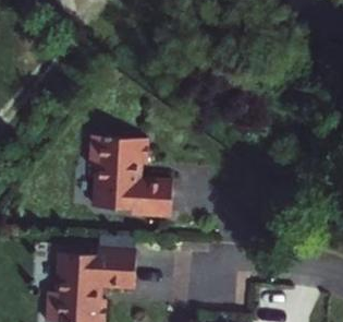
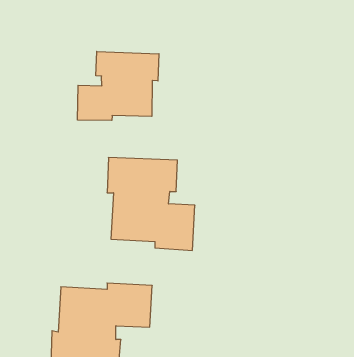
building: none -> [78,51,159,120]

